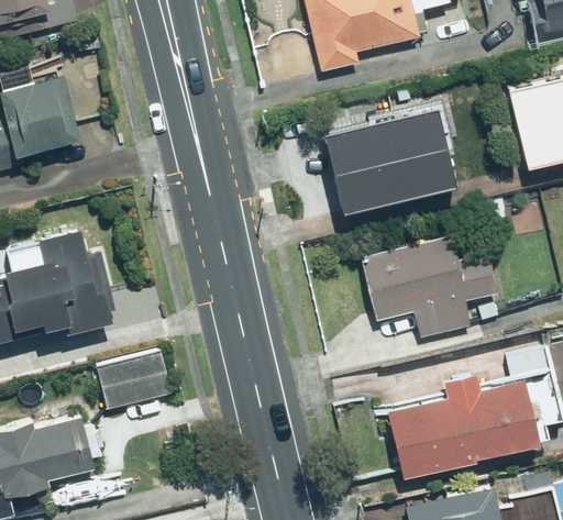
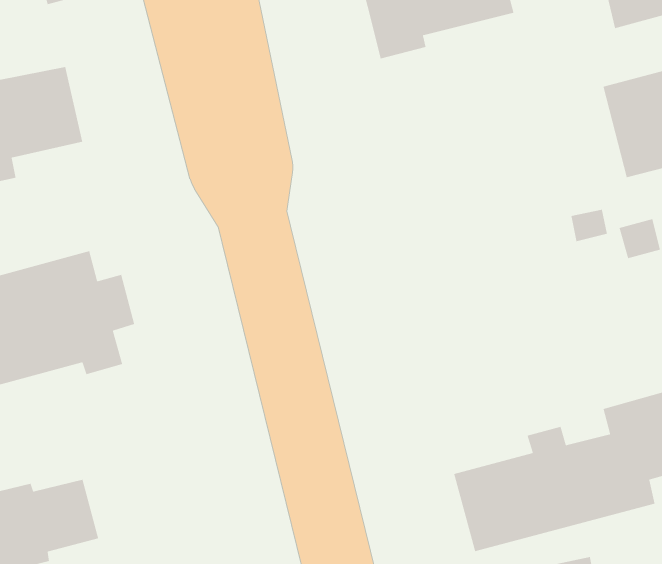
building: [318,110,454,215] -> none
building: [364,234,505,339] -> none
building: [100,353,173,410] -> none

